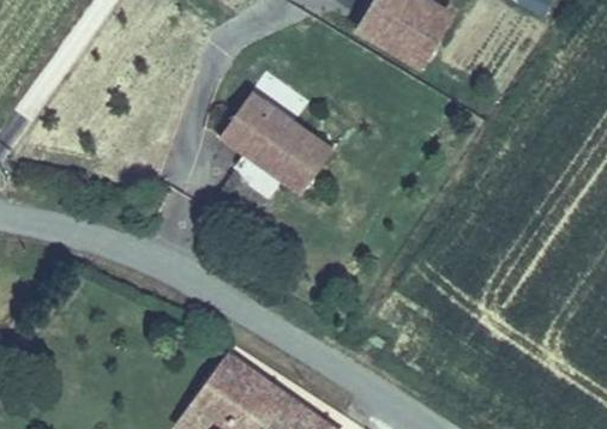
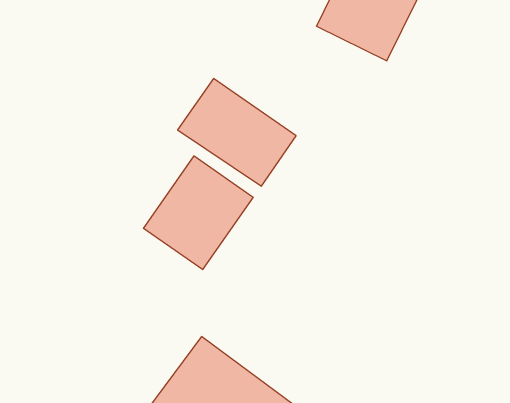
building: none -> [144,156,253,270]

